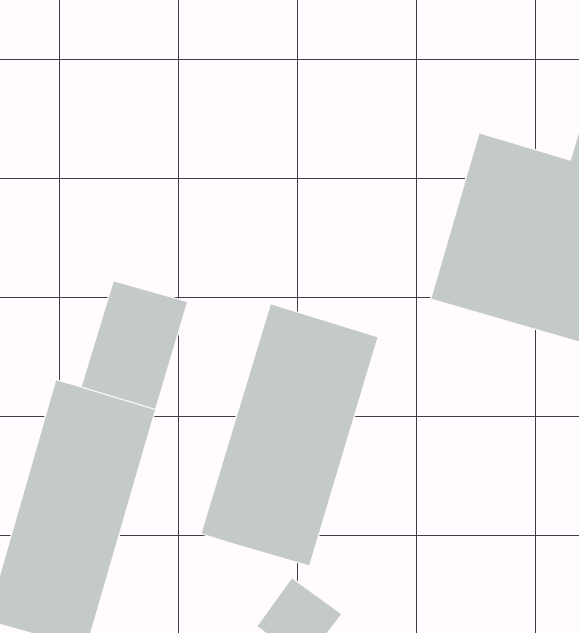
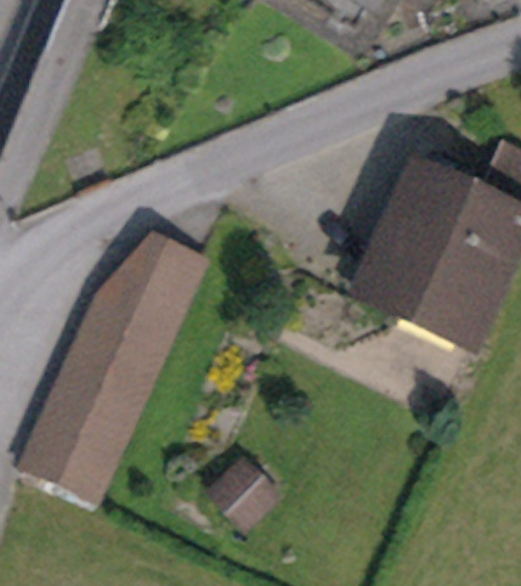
building: [201,303,378,566] -> none

